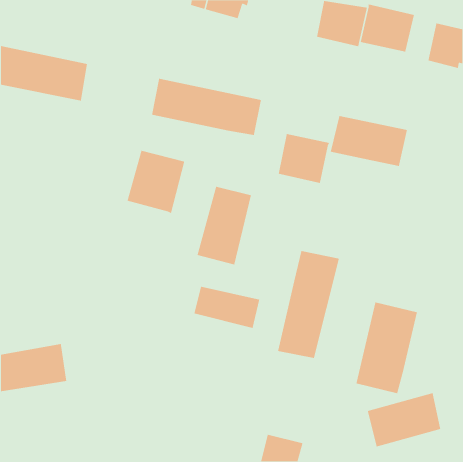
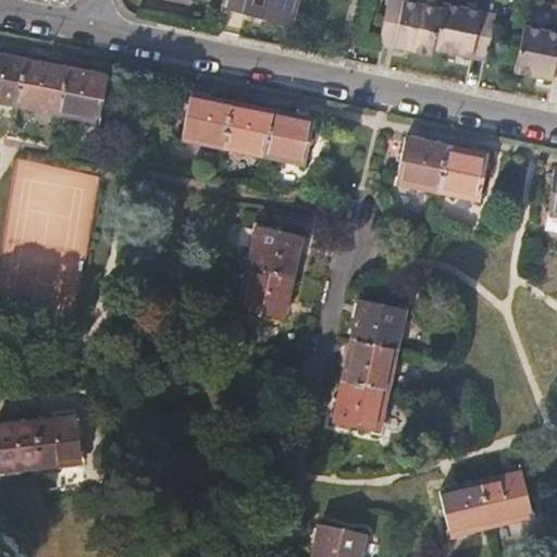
building: [278,133,330,184] -> none
building: [126,150,185,214] -> none
building: [194,286,260,329] -> none
building: [356,301,418,394] -> none

